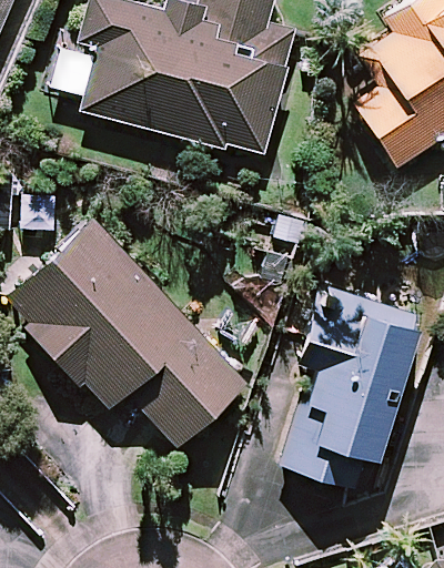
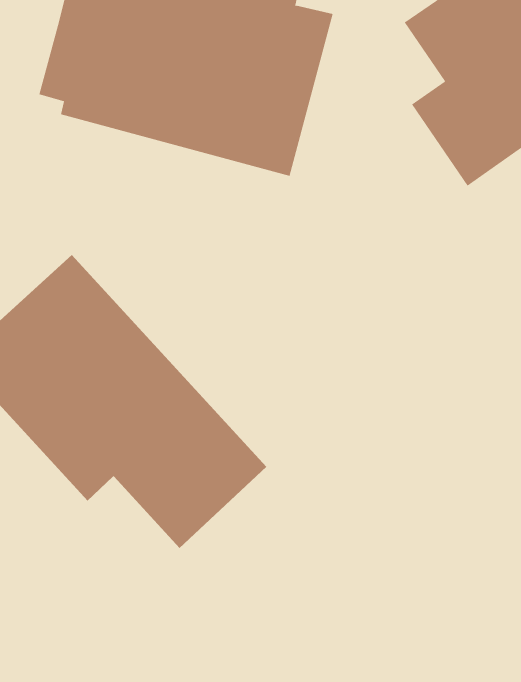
building: [282,292,417,484] -> none

